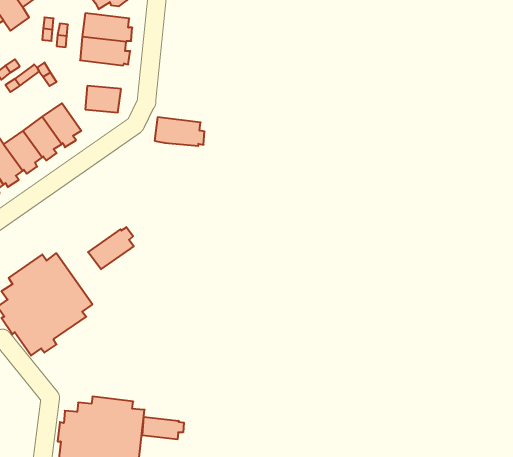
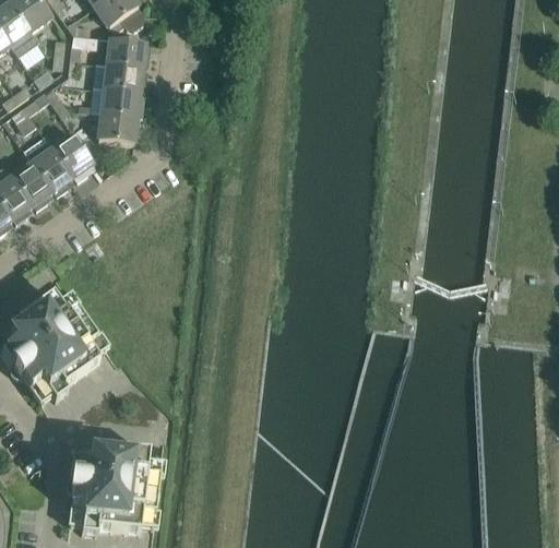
building: [155,117,205,146] -> [88,86,142,117]
building: [88,227,134,269] -> none
building: [142,417,184,439] -> none

